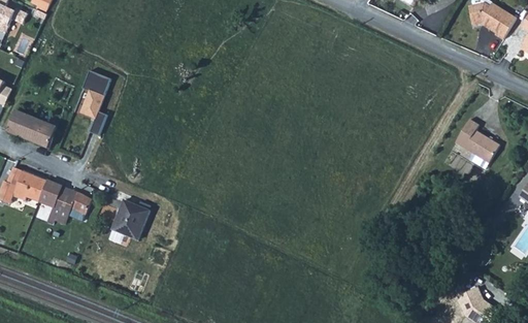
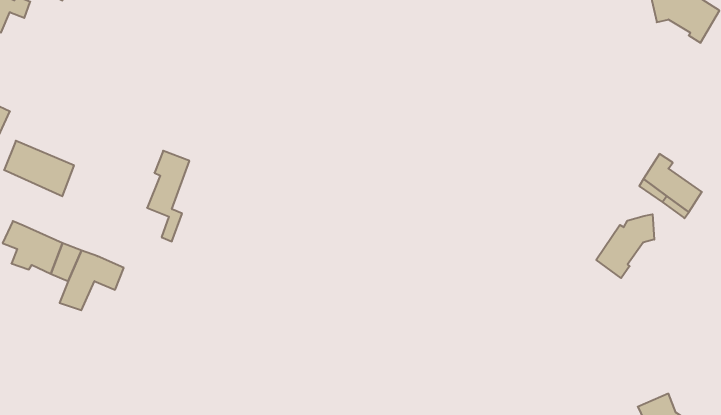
building: [79,72,109,136] -> [147,151,189,241]
building: none -> [596,214,654,278]
building: [112,200,150,240] -> none

